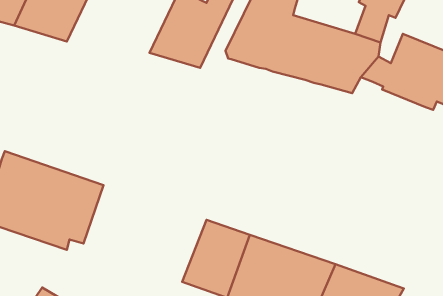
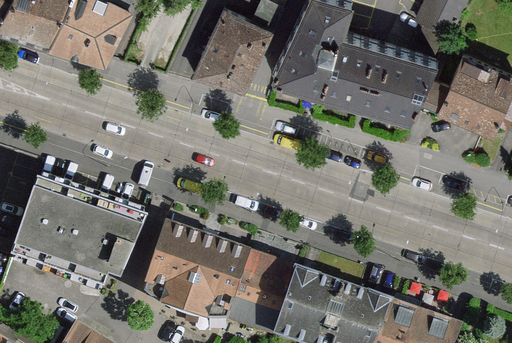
building: none -> [145,225,252,318]

